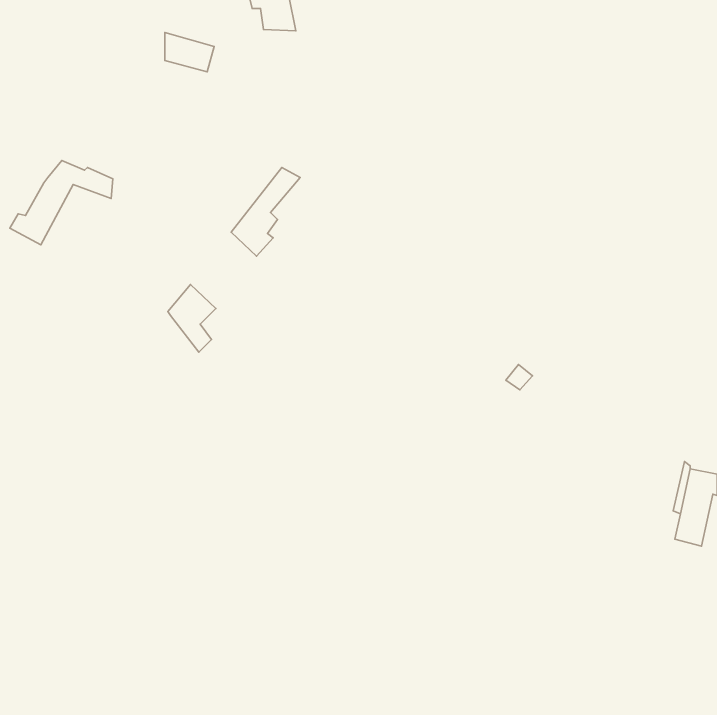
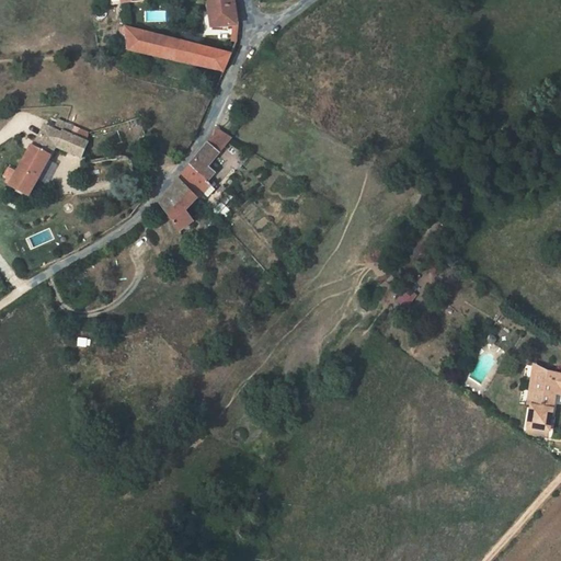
building: none -> [161,36,224,71]
building: [168,285,216,352] -> [162,181,199,233]

